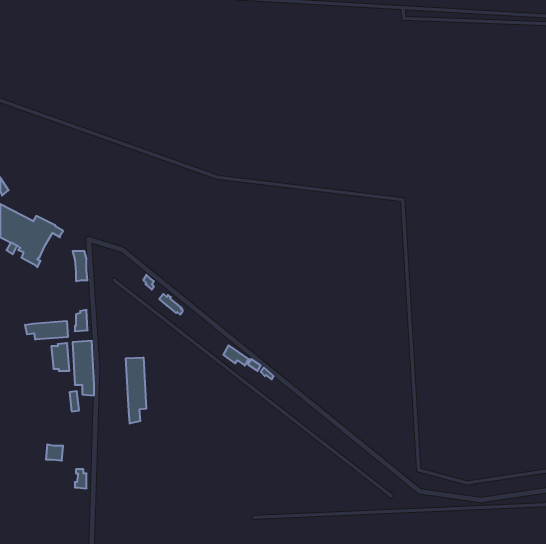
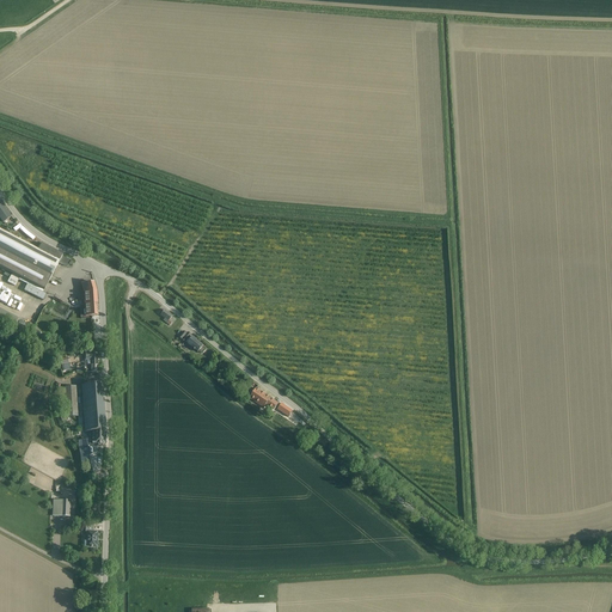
building: [25,321,68,340] -> none
building: [126,357,146,424] -> none

